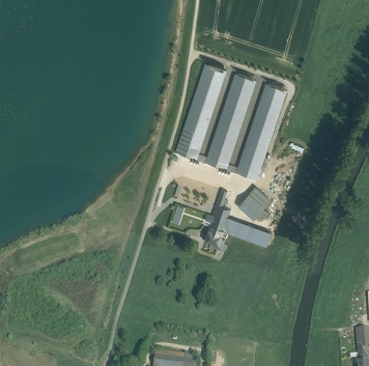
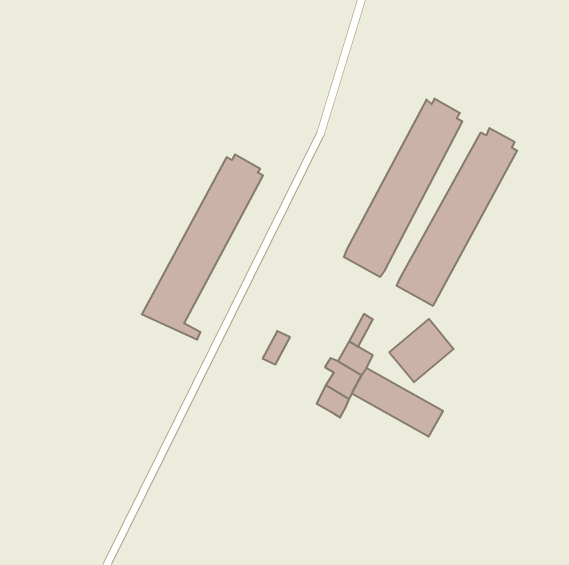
building: [175,60,226,160] -> [142,155,263,340]

